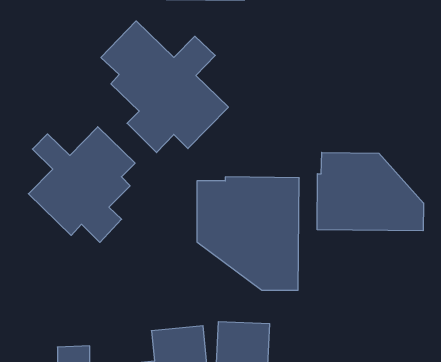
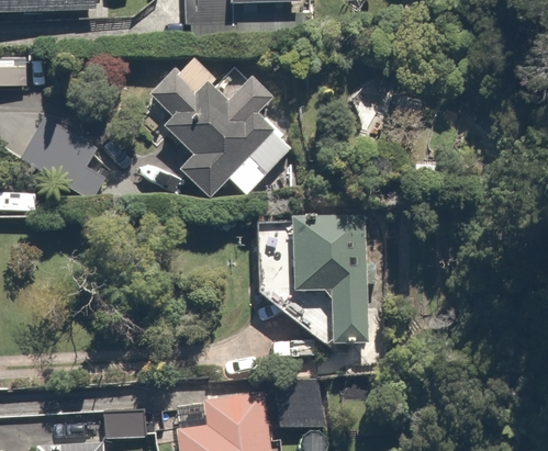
building: [28,127,135,242] -> none
building: [317,152,424,231] -> none

